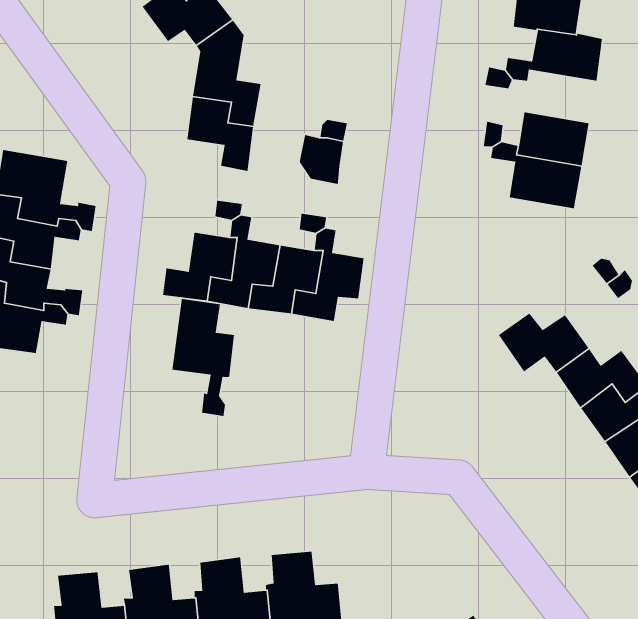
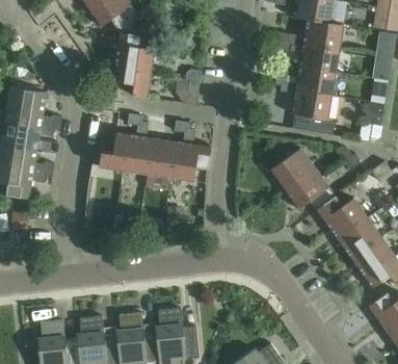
building: none -> [298,42,339,71]
building: none -> [269,147,321,188]
building: [172,298,235,417] -> none

